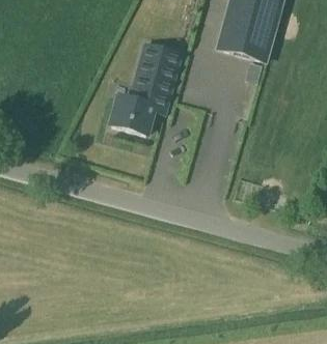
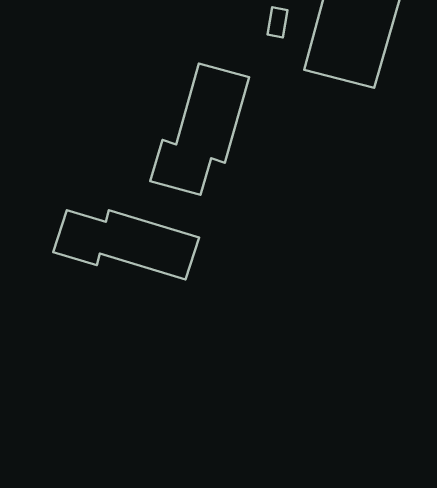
building: none -> [53,210,199,280]

